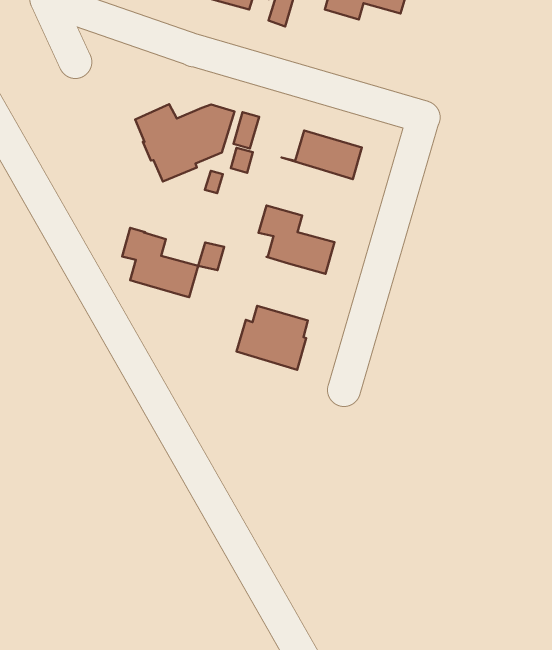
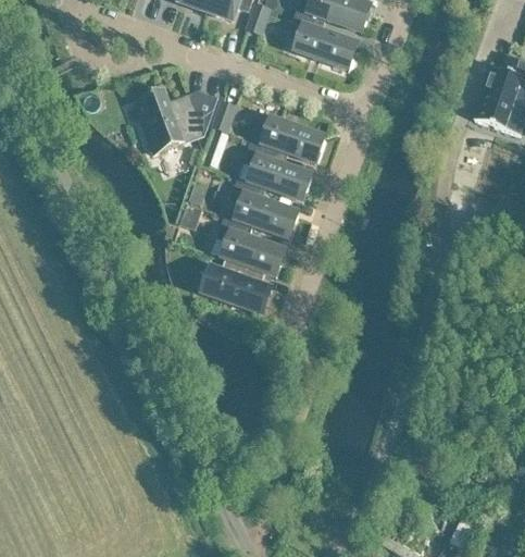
building: none -> [296,22,353,66]
building: none -> [241,139,308,197]
building: [122,228,198,297] -> [221,214,282,273]

